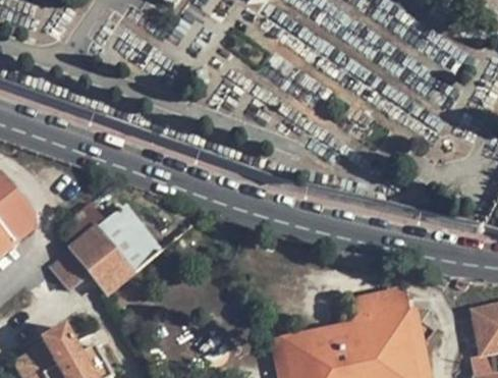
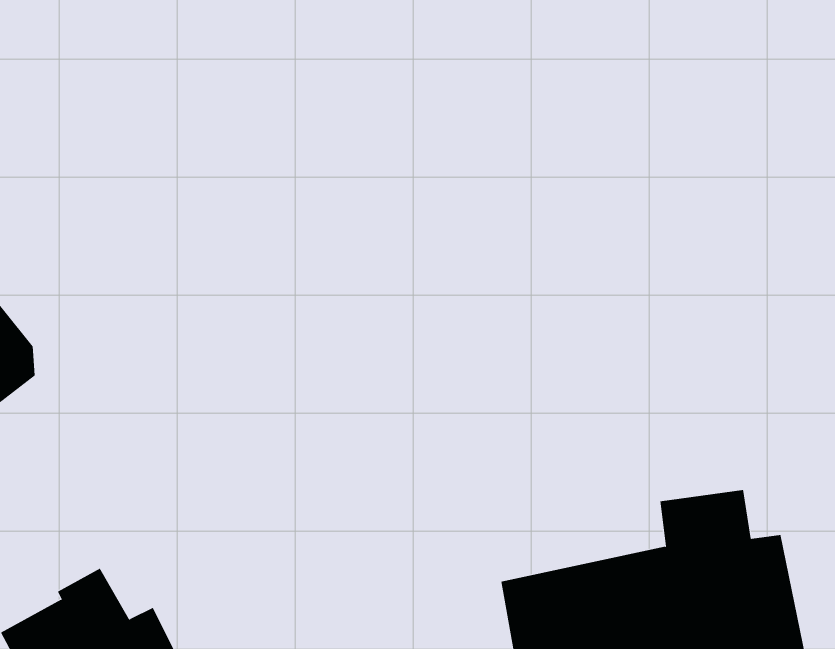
building: [50,217,155,294] -> none

